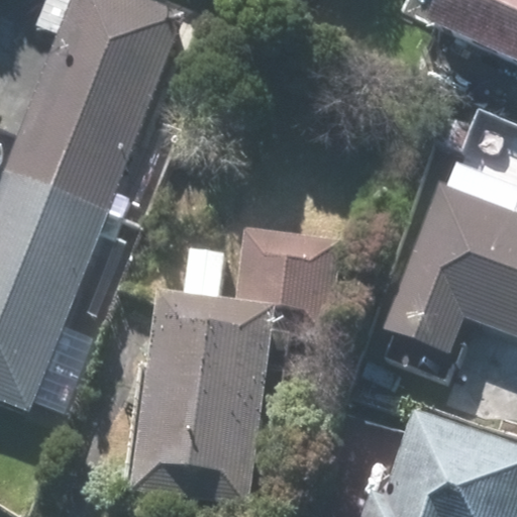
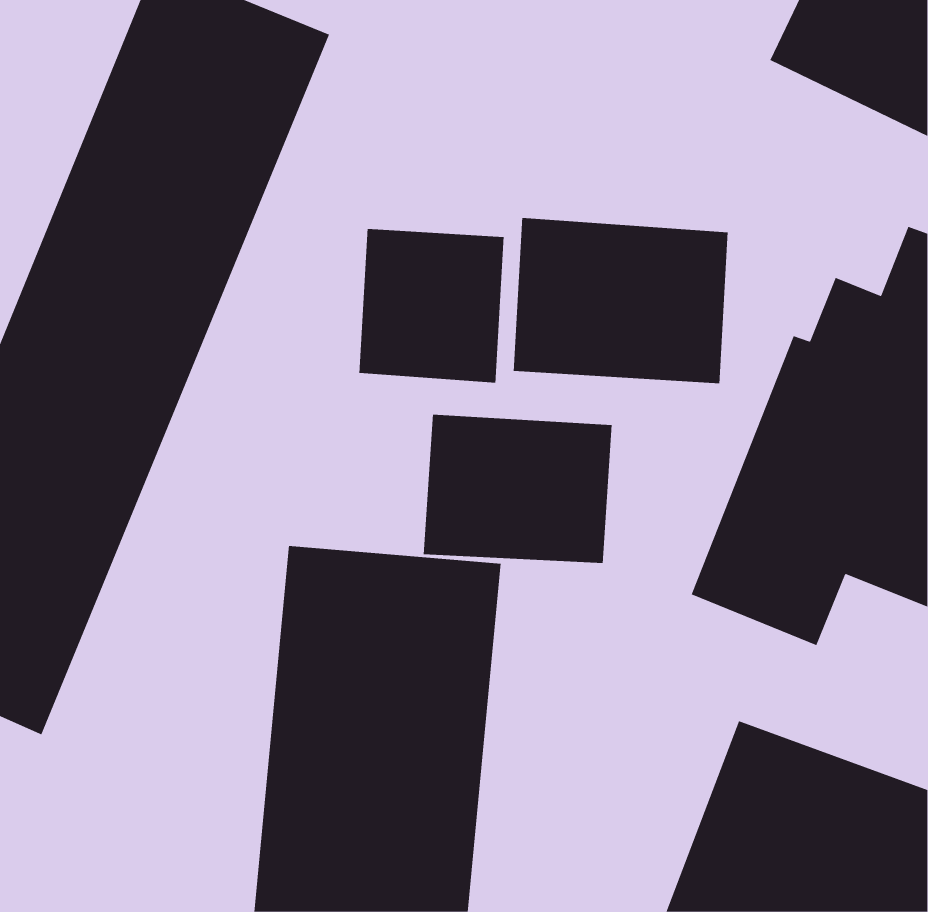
building: none -> [513,217,728,384]
building: none -> [359,228,504,384]

